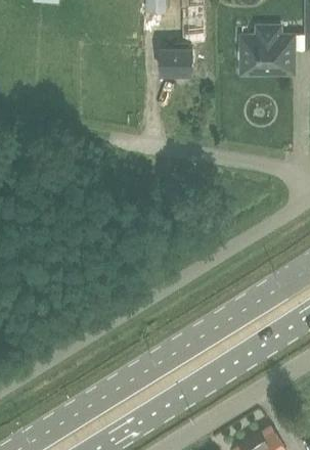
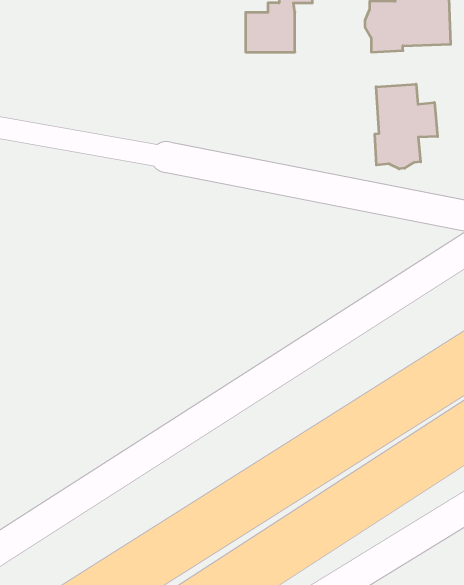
building: none -> [375,84,438,169]

